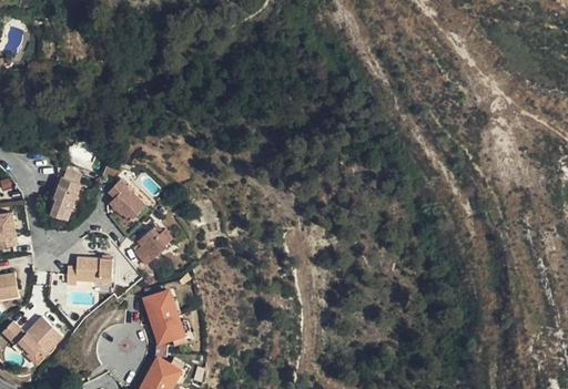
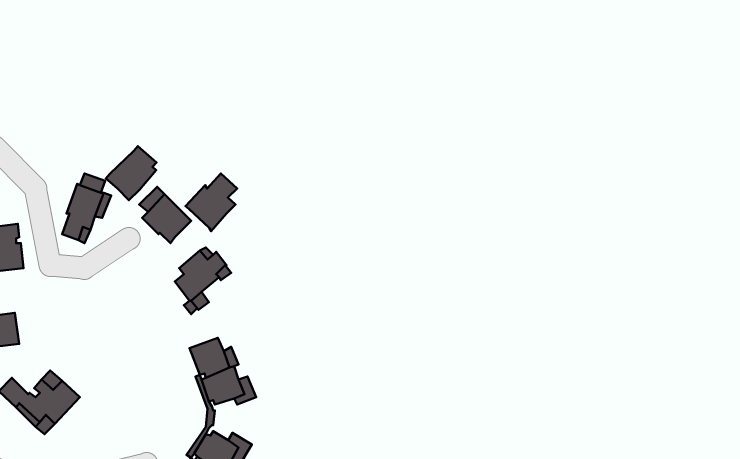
building: none -> [106,146,157,200]
building: none -> [185,173,237,231]
building: [65,256,111,284] -> none

